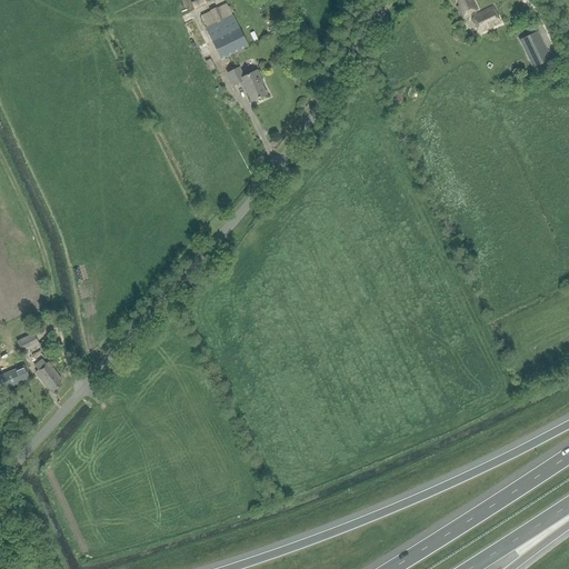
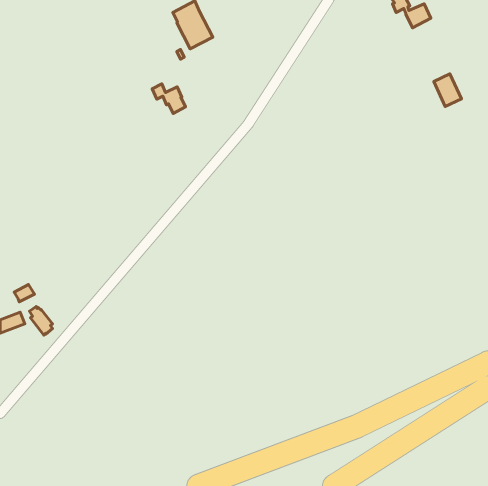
building: [519,29,551,67] -> [434,74,461,106]
building: [228,66,267,100] -> [152,84,186,114]

